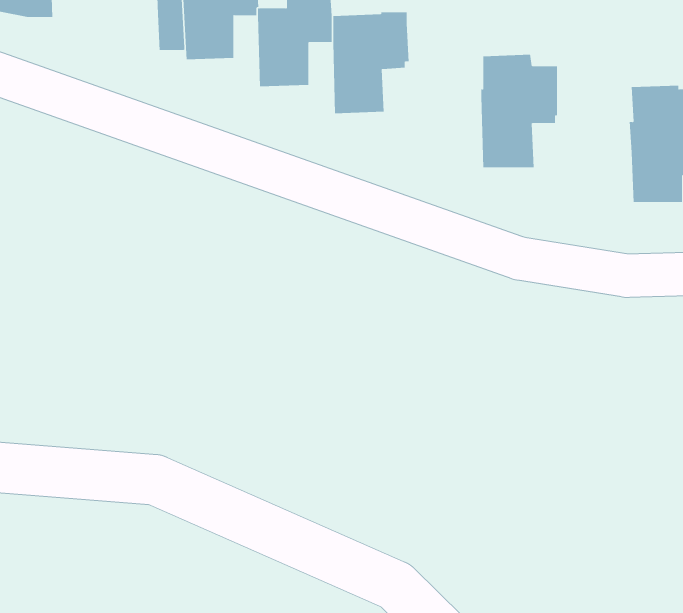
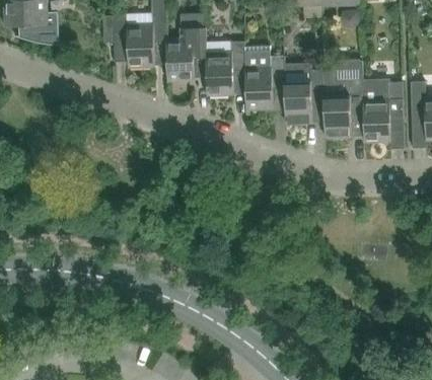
building: none -> [243,48,284,109]
building: none -> [322,60,363,138]

